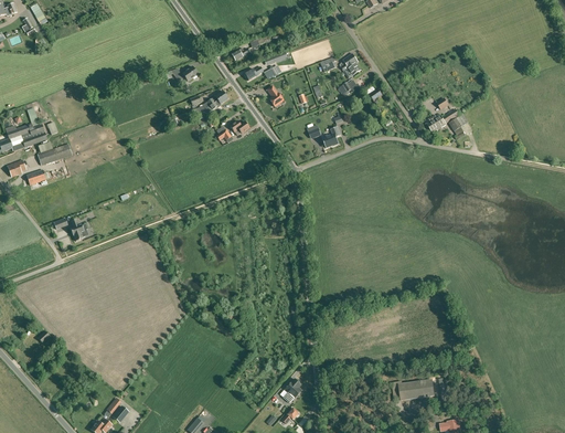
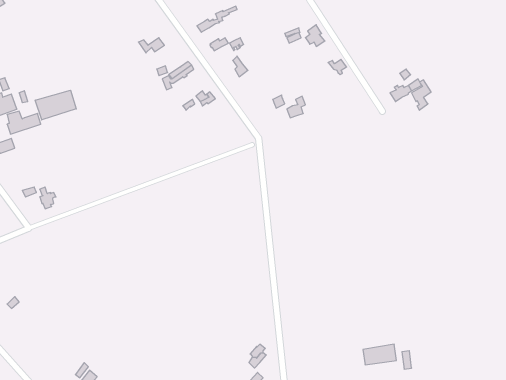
building: none -> [35,90,76,120]

